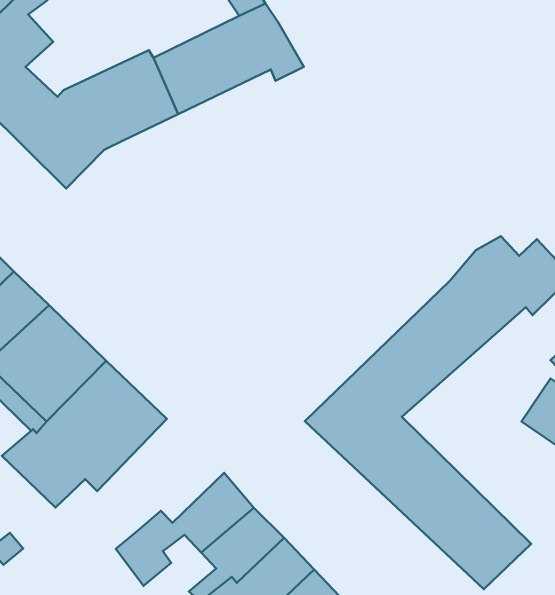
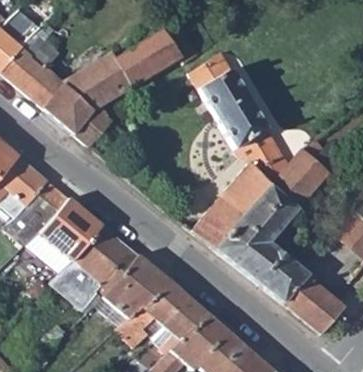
building: none -> [189,53,288,250]
building: none -> [73,104,114,147]
building: none -> [104,255,173,318]

